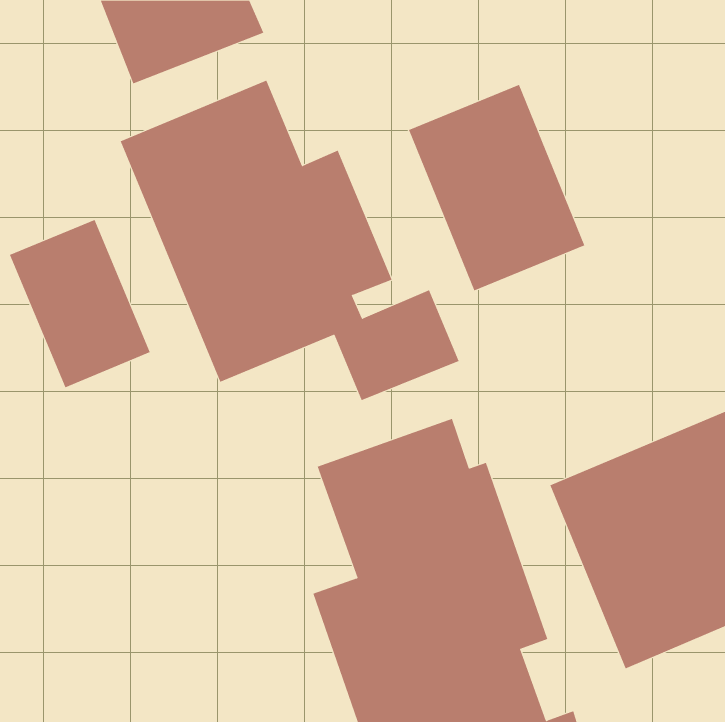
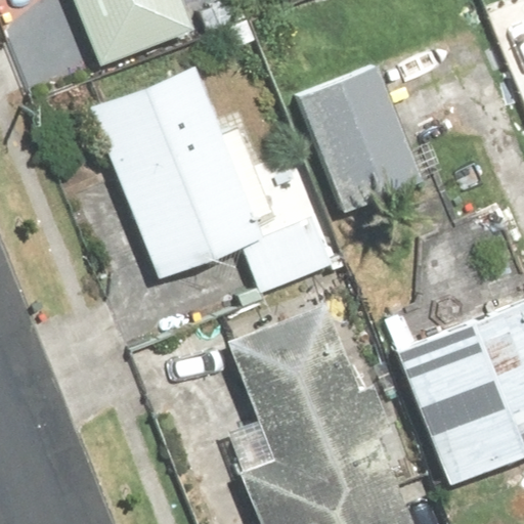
building: [9,219,151,388] -> none

